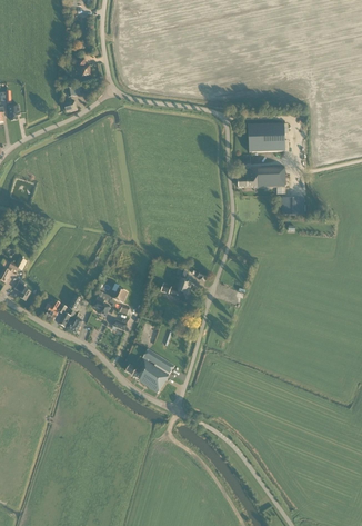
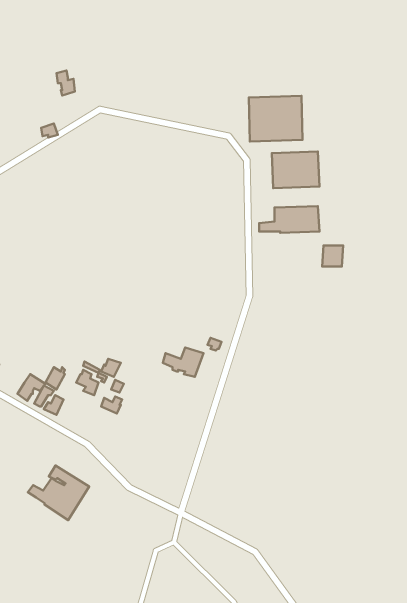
building: none -> [249,96,302,142]
building: [124,348,173,391] -> [28,465,89,520]

